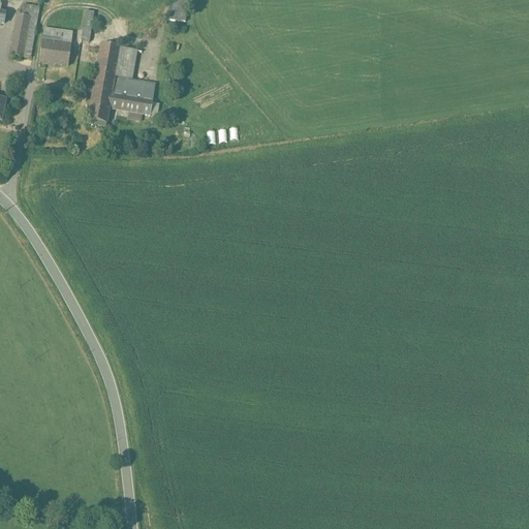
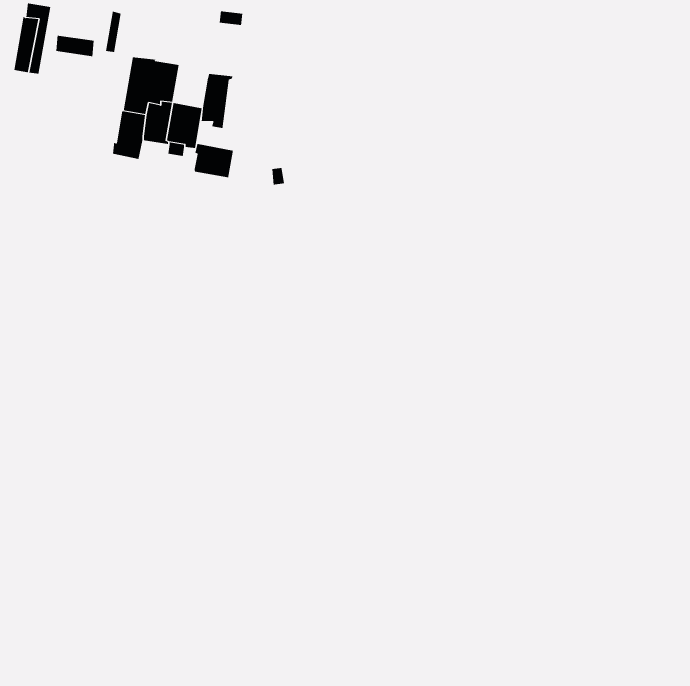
building: [39,39,71,64] -> none
building: none -> [201,73,233,129]
building: none -> [194,143,233,178]

